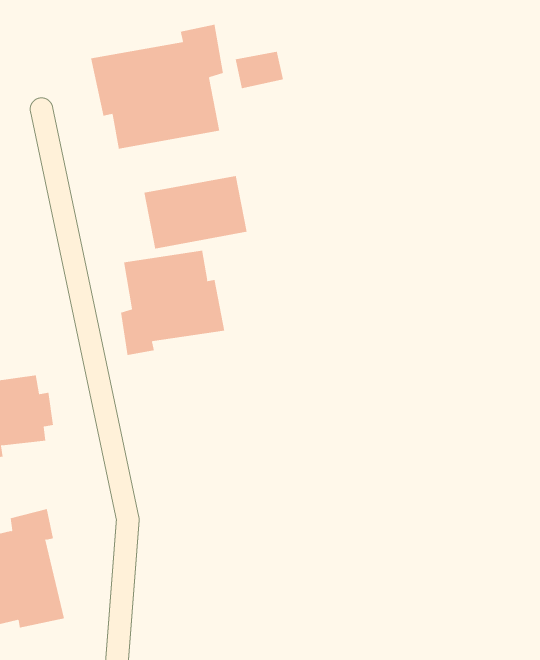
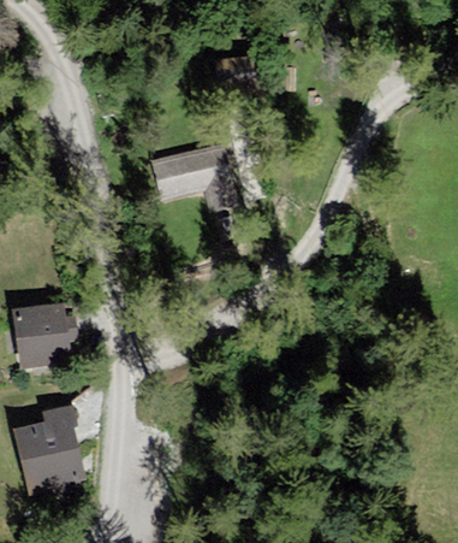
building: [90,24,224,150] -> none
building: [121,250,225,356] -> none

